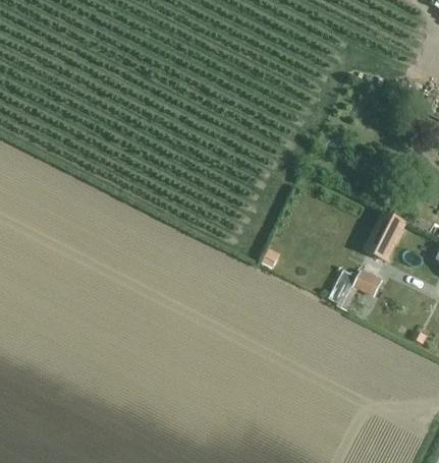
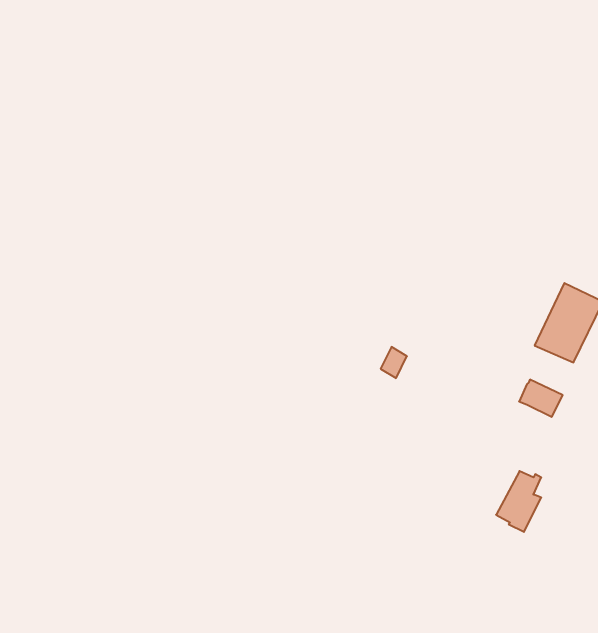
building: [328,270,358,309] -> [496,471,541,532]

